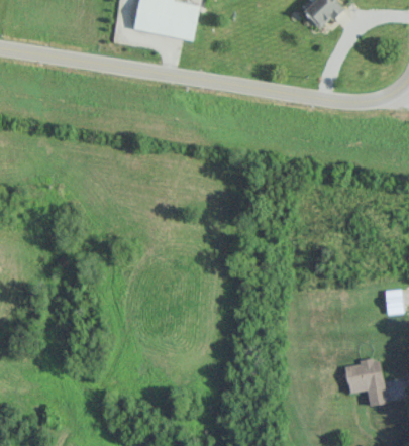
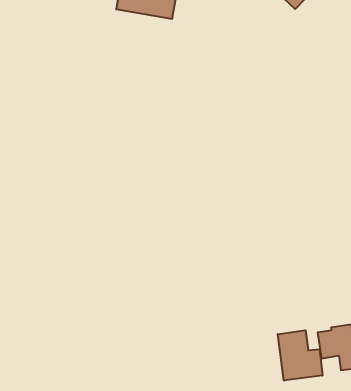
building: none -> [278,330,322,381]

